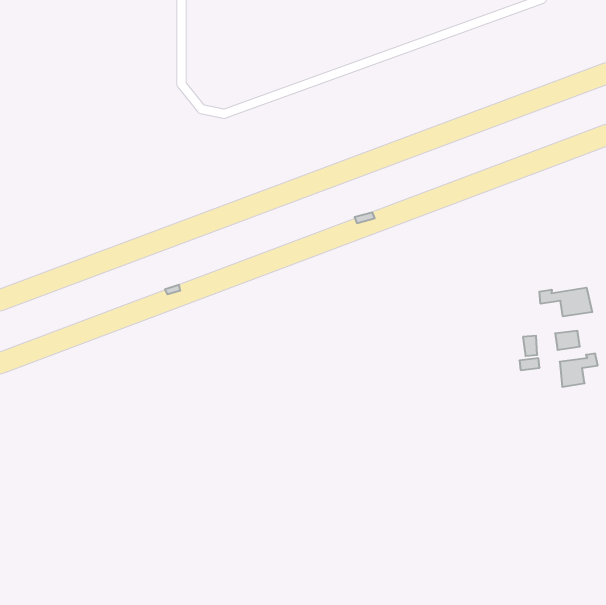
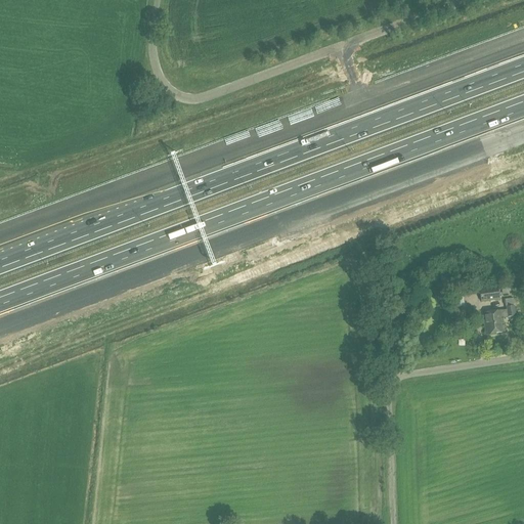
building: [539,288,592,316] -> none

